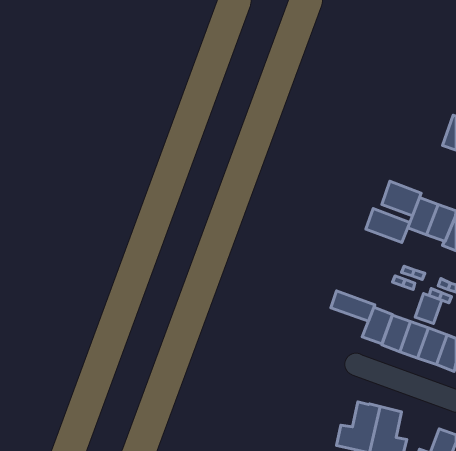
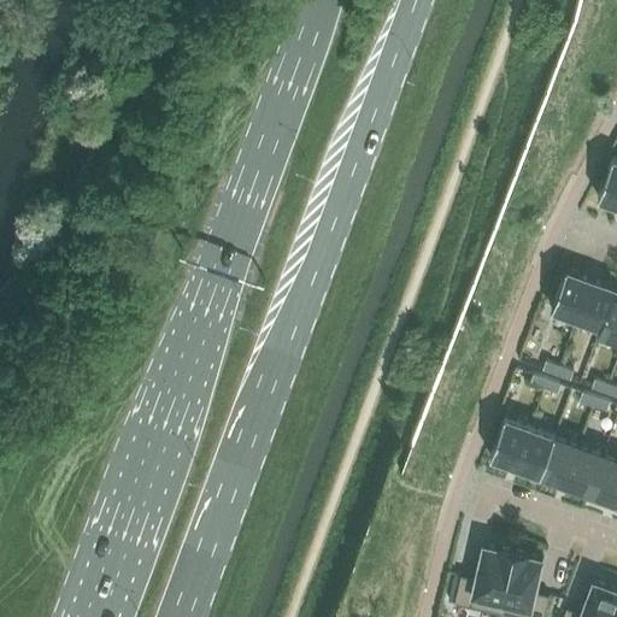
building: [382,181,421,216] -> none
building: [366,208,410,243] -> none
building: [331,291,375,321] -> none
building: [415,294,442,324] -> none

